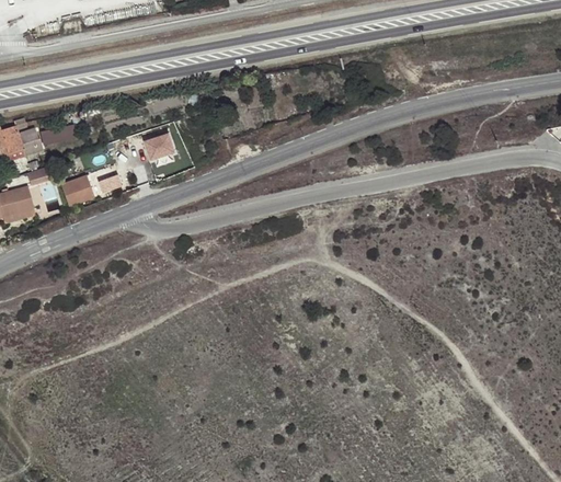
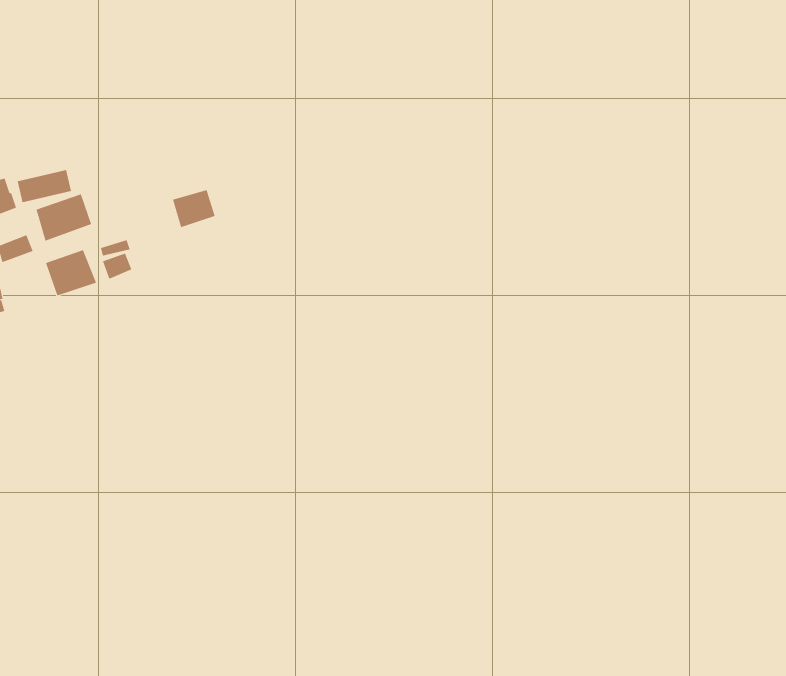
building: none -> [36,194,92,241]

